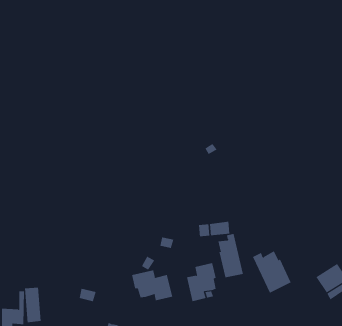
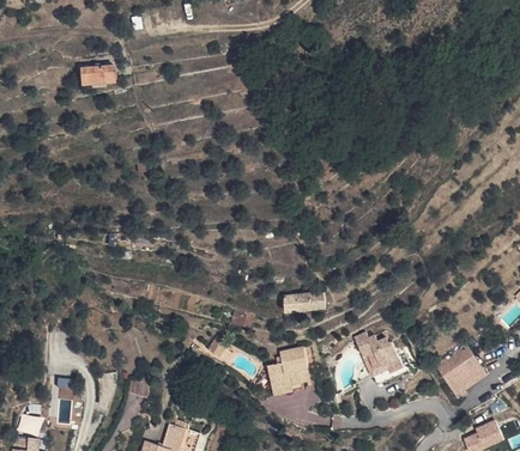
building: none -> [80,66,116,85]
building: [218,233,243,278] -> none
building: [131,270,173,301] -> none

